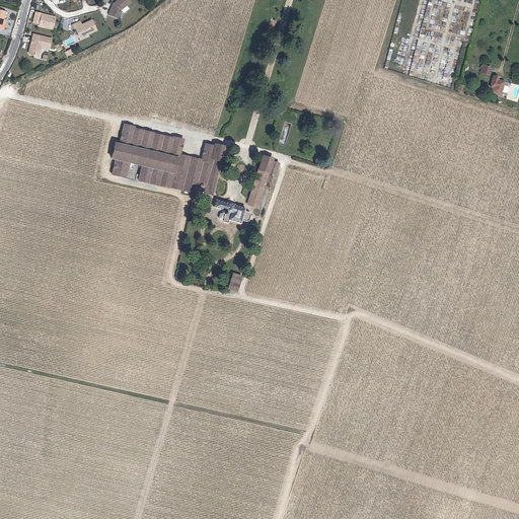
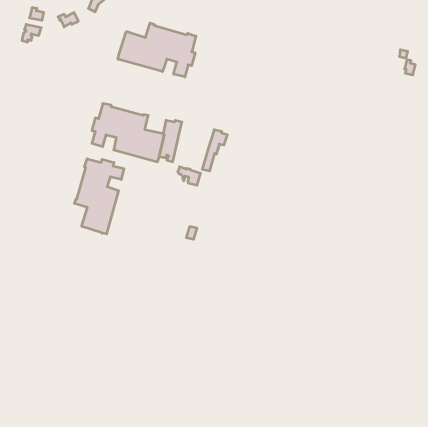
building: none -> [118,23,196,77]
building: none -> [74,159,124,234]

